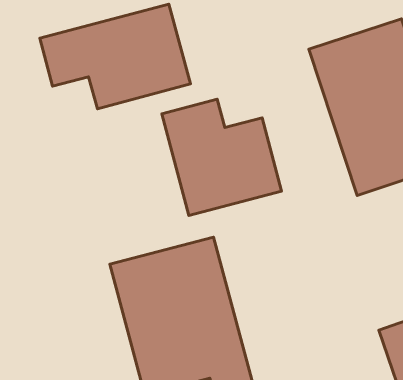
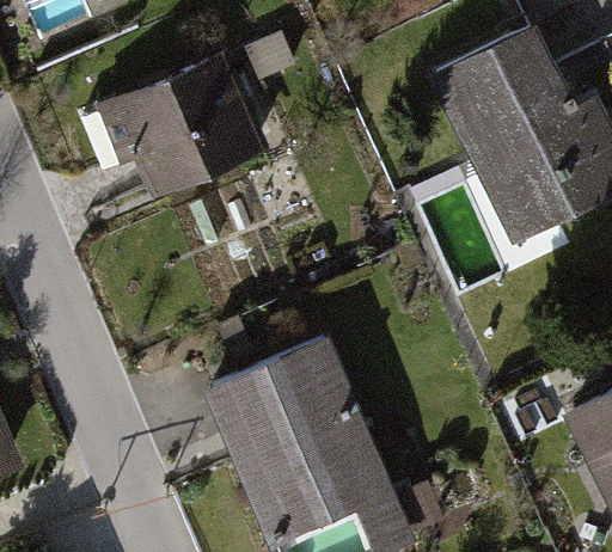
building: [162,99,282,215] -> none

